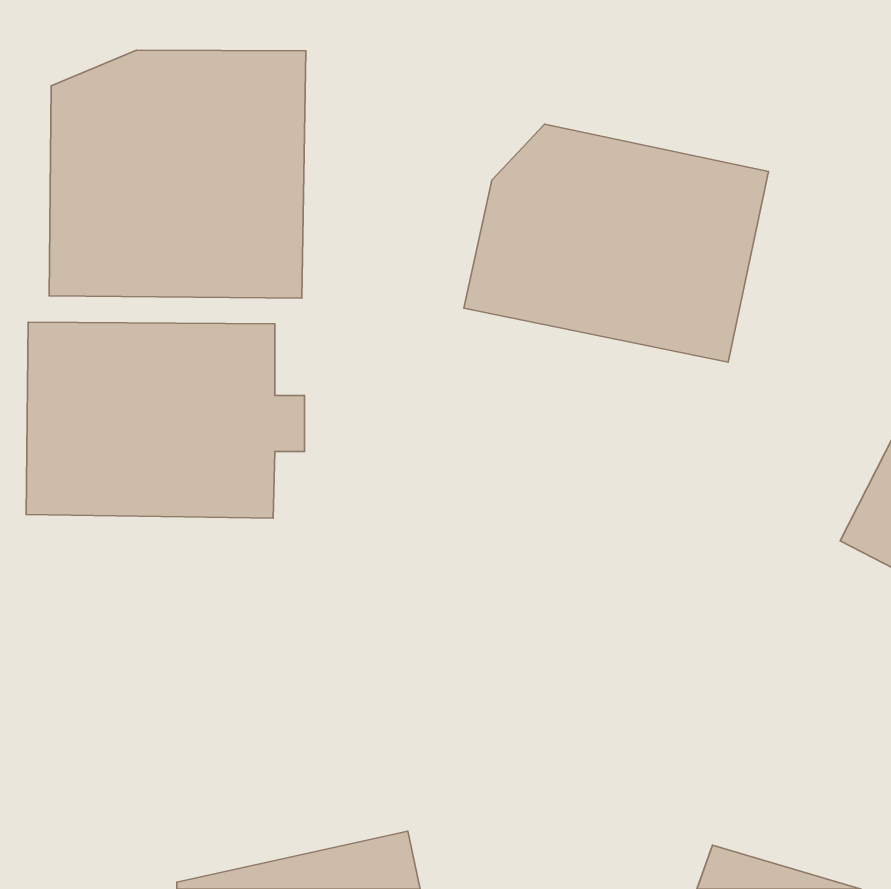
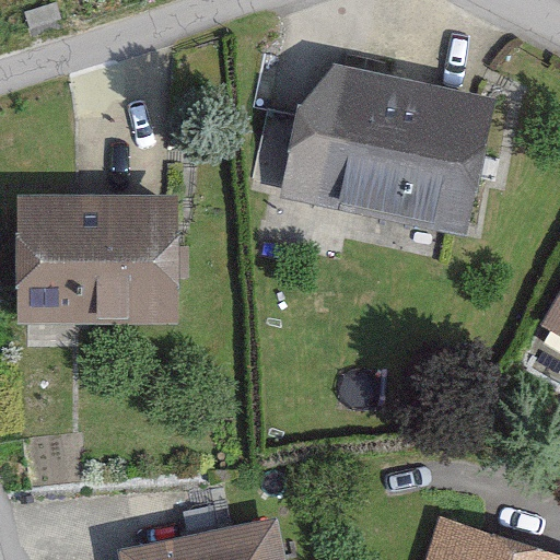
building: [49,50,306,298] -> none

